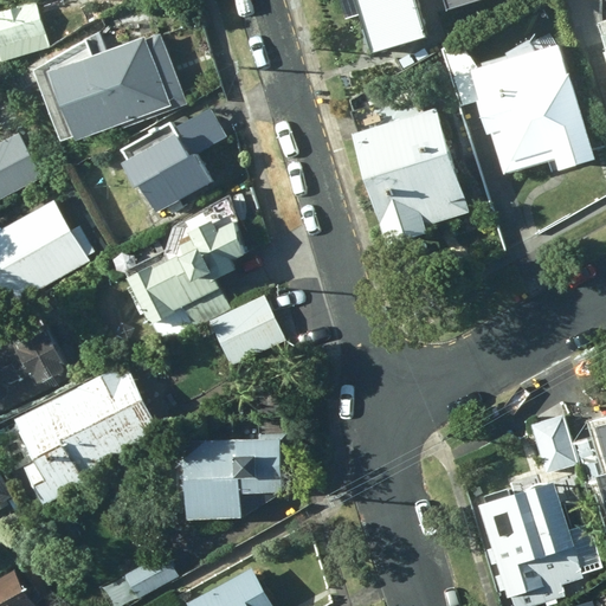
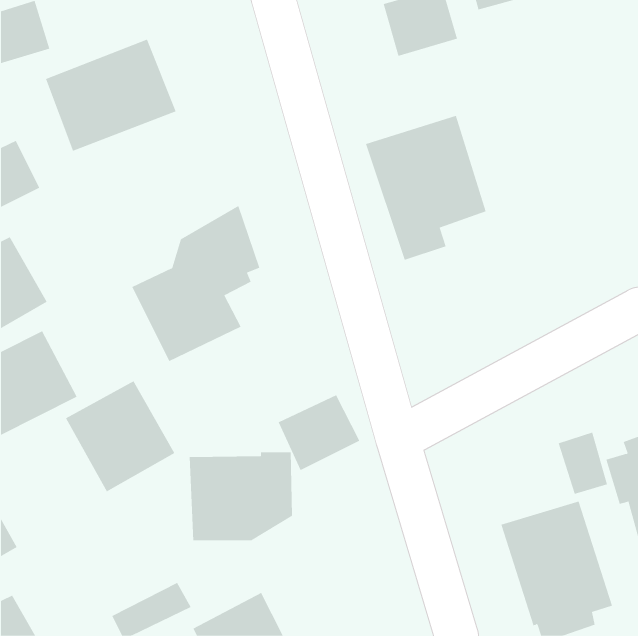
building: [468,45,592,172] -> none
building: [116,121,207,217] -> none
building: [11,195,97,285] -> none
building: [207,295,285,367] -> [278,395,360,471]
building: [14,395,102,503] -> none

